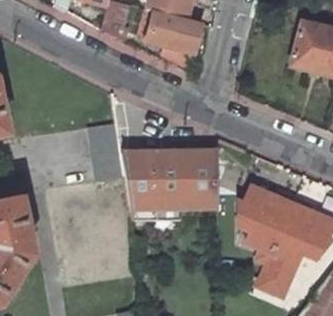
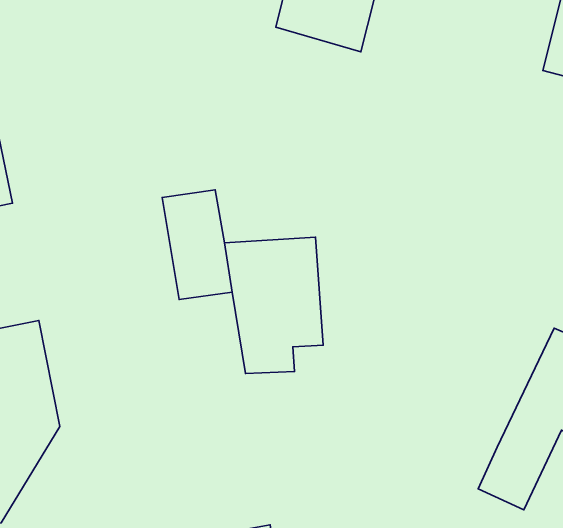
building: [172,149,223,207] -> none
building: [241,184,299,262] -> none

